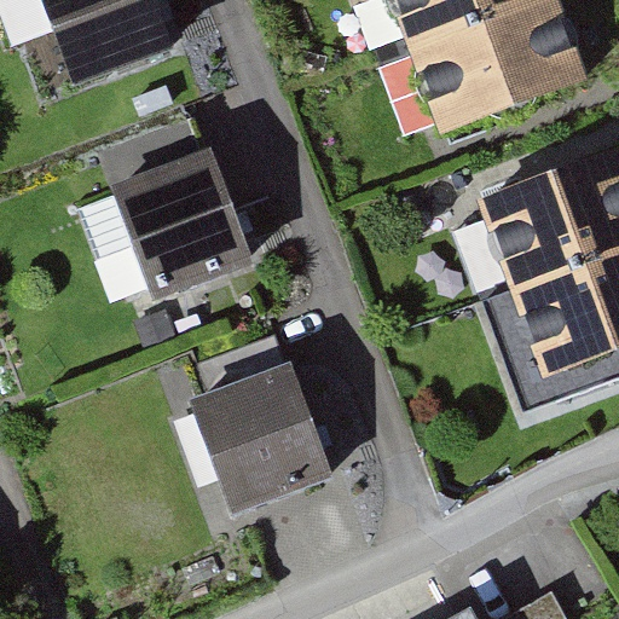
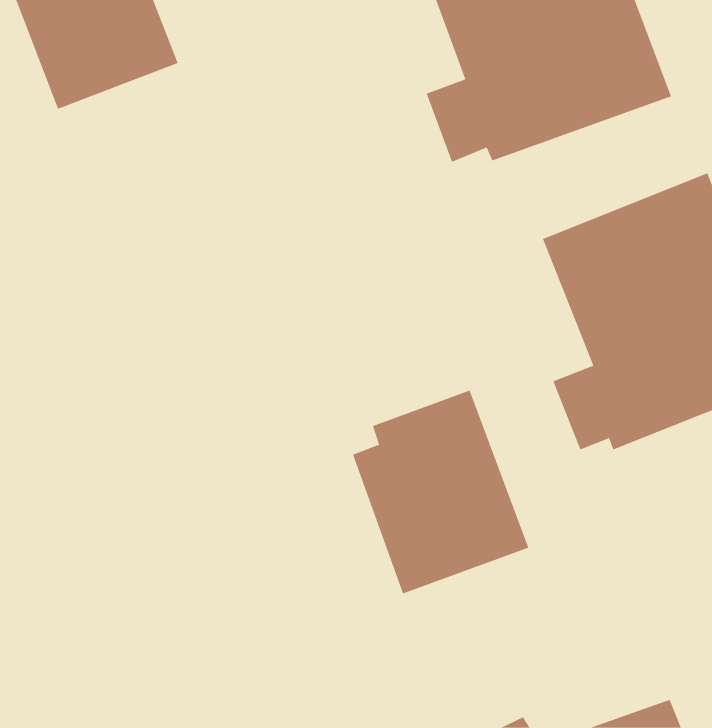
building: [103,146,251,299] -> none
building: [180,341,329,513] -> [352,390,529,594]

